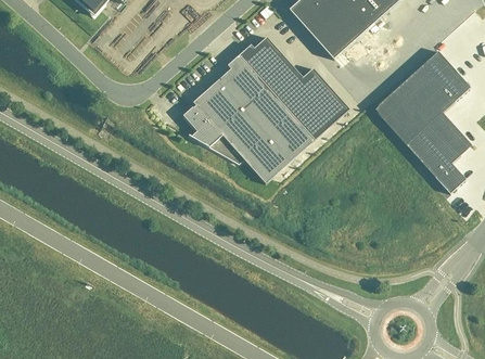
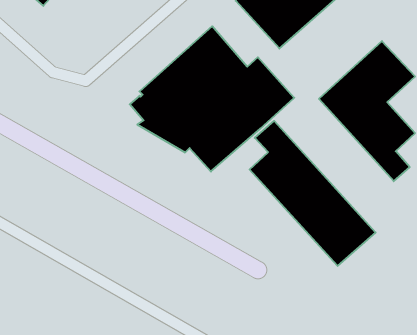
building: none -> [250,121,376,266]

